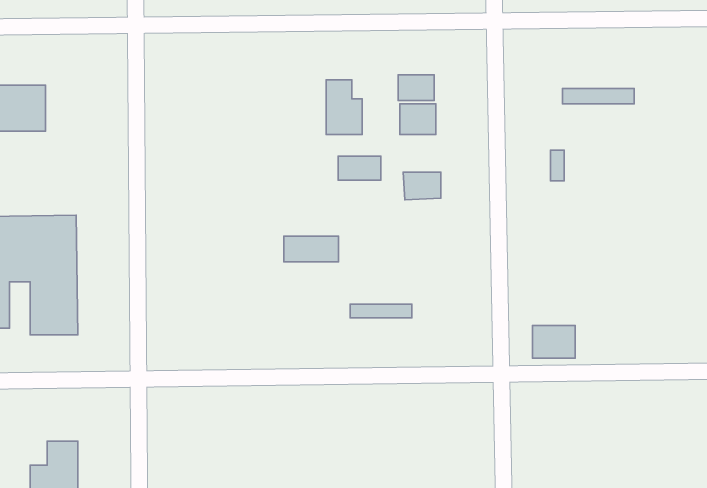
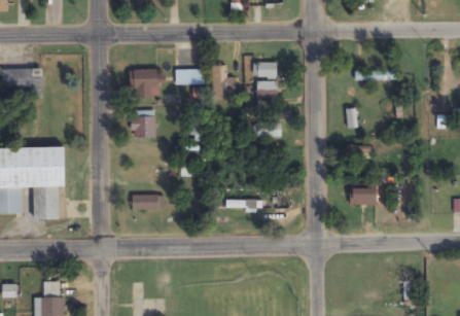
building: none -> [131,70,166,98]
building: none -> [132,109,154,138]
building: [338,156,381,180] -> [176,69,202,83]
building: [284,236,339,262] -> [132,194,165,209]
building: [532,326,575,358] -> [351,184,377,204]

